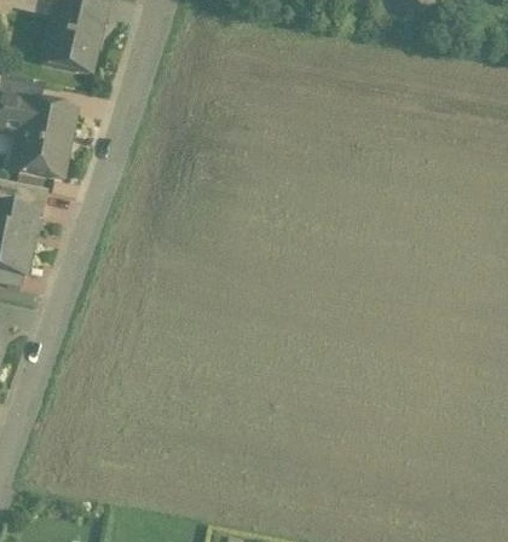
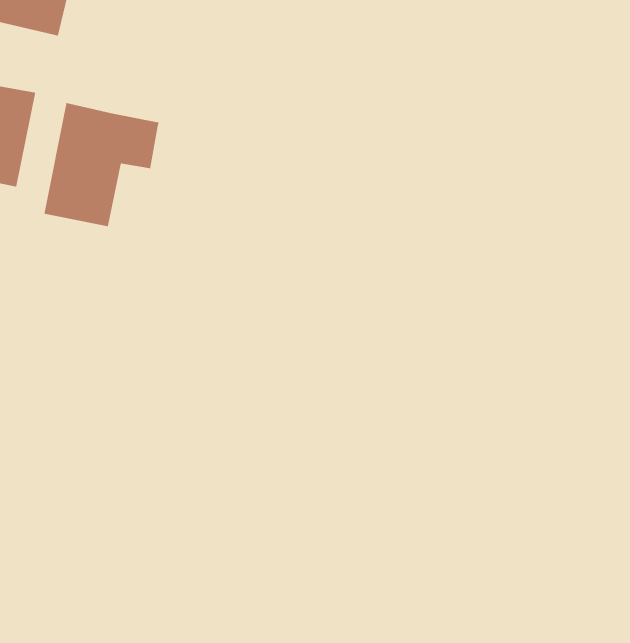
building: none -> [43,102,160,227]

